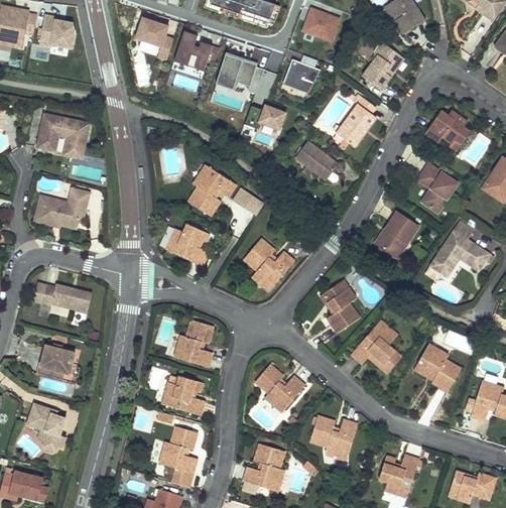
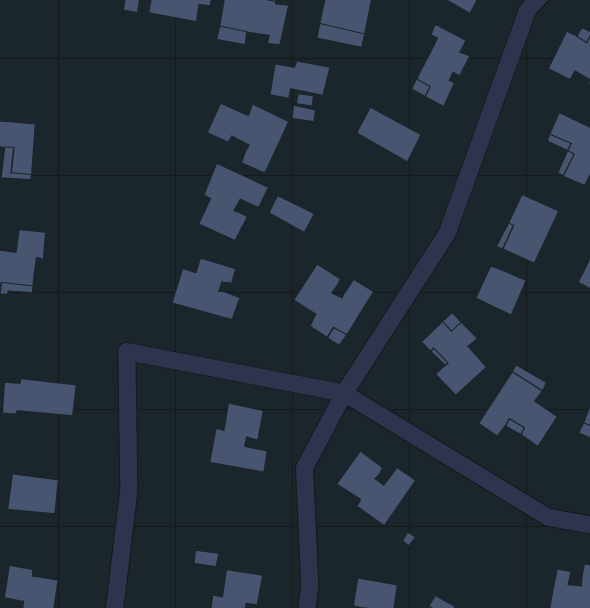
building: none -> [207,103,289,173]
building: none -> [476,266,526,315]
building: [161,375,205,415] -> none
building: [309,415,358,459] -> none

